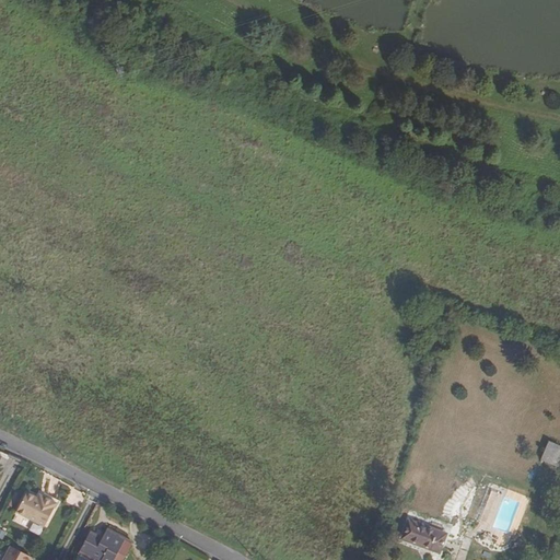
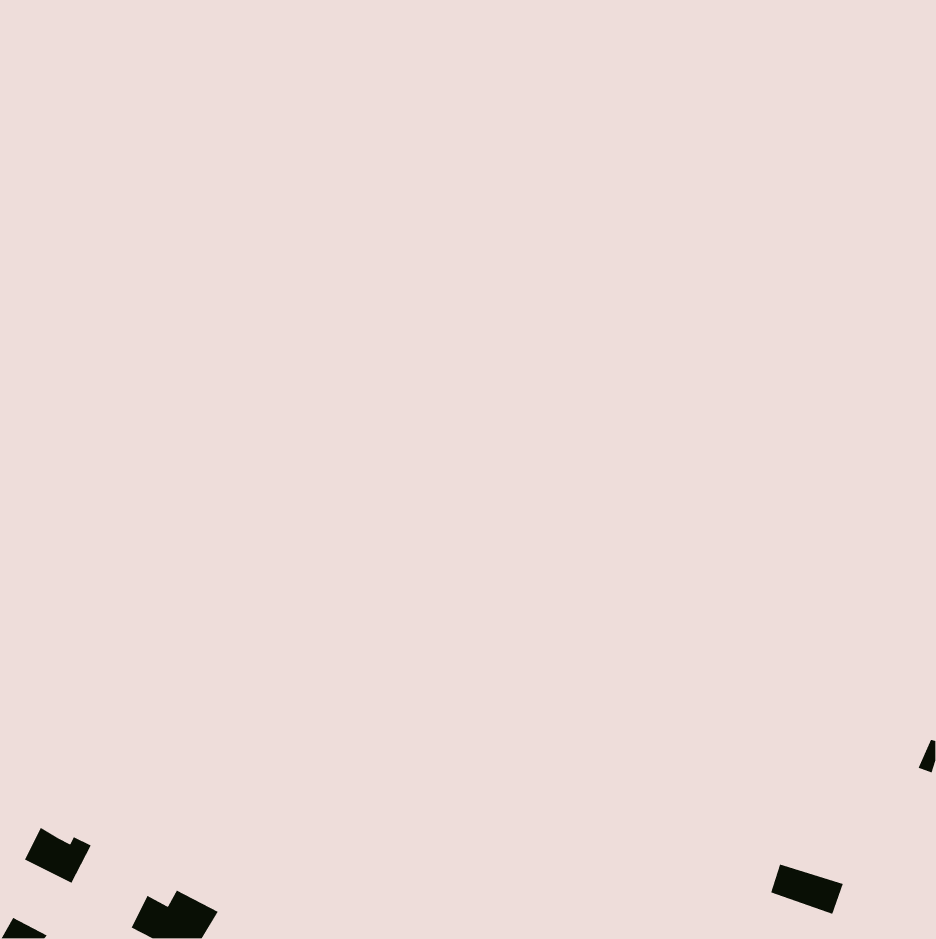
building: [408,522,452,552] -> [770,863,844,915]

